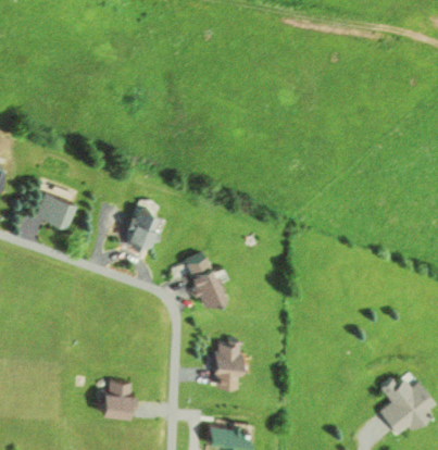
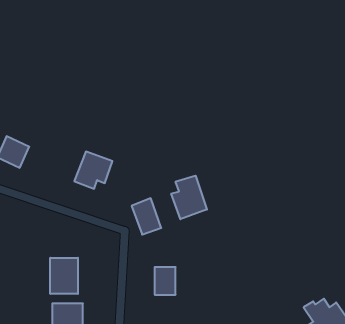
building: none -> [171,176,207,219]
building: none -> [50,258,78,294]

